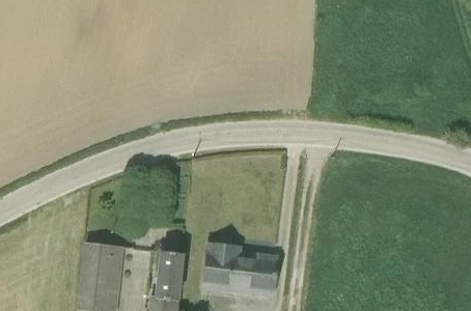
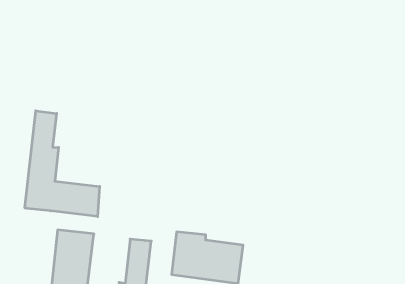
building: none -> [25,111,100,217]

